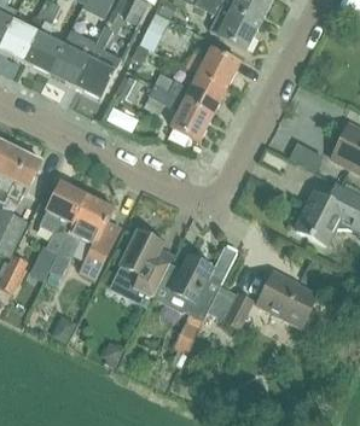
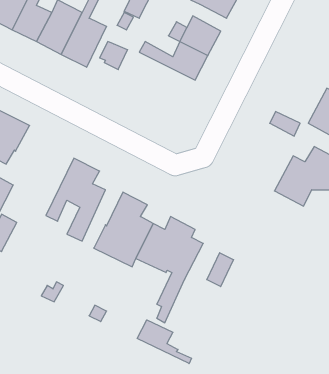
building: [149,84,213,140] -> none
building: [28,181,87,284] -> none
building: [257,270,317,326] -> none
building: none -> [137,320,192,364]

